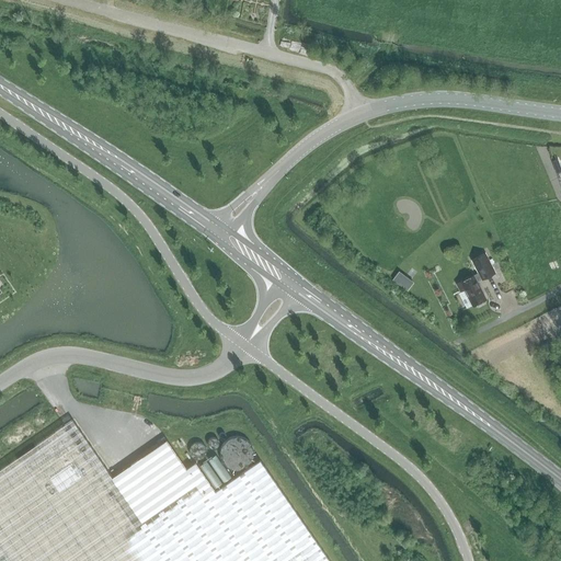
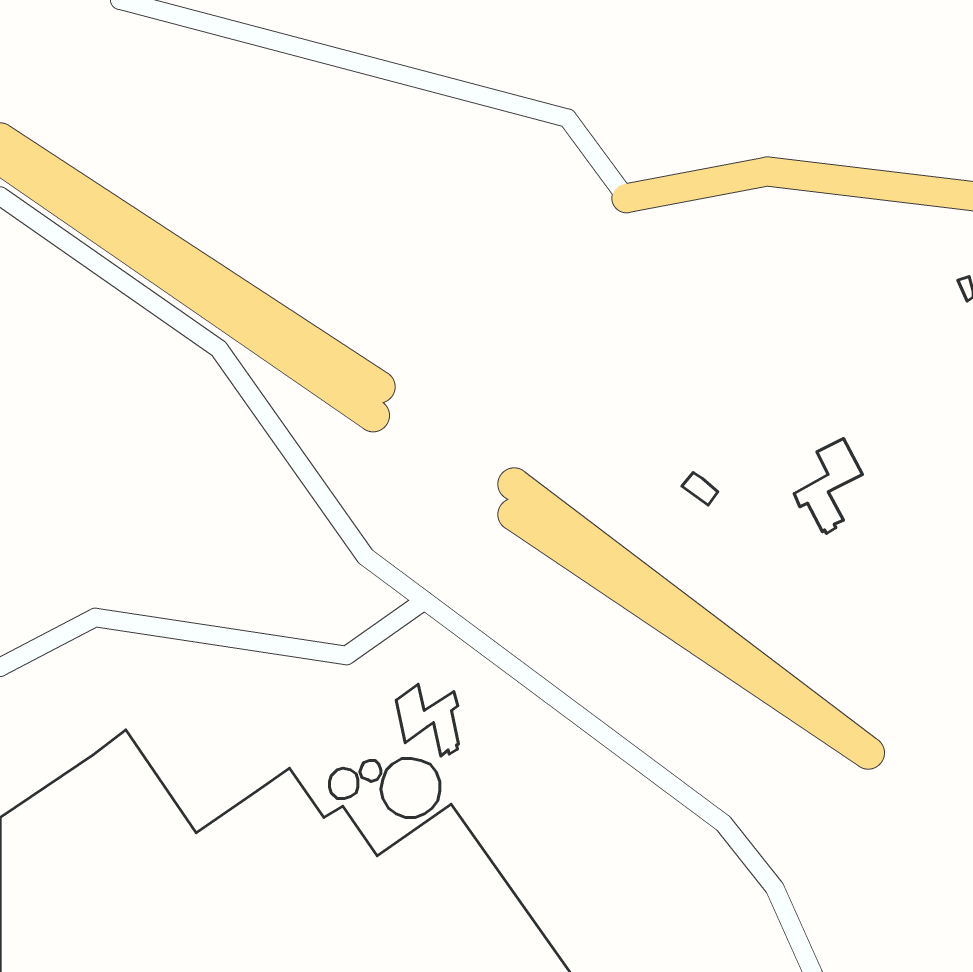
building: none -> [396,684,459,756]

